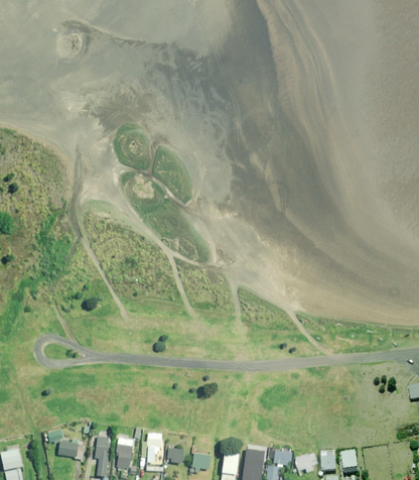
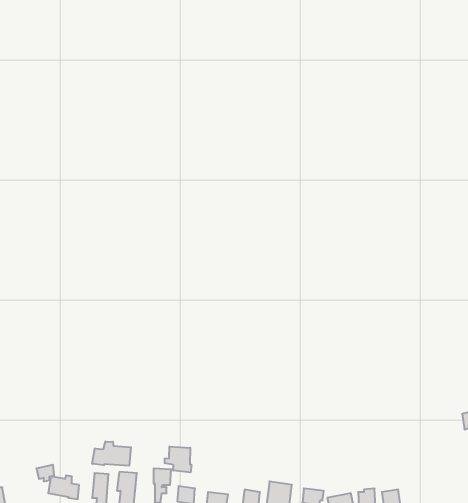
building: none -> [92,441,131,466]
building: none -> [165,446,191,472]

